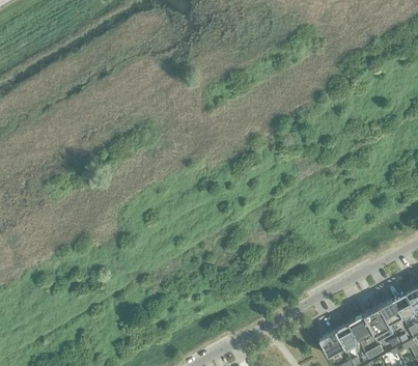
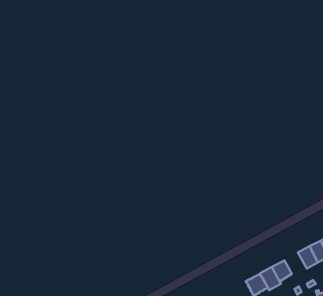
building: [363,308,393,342] -> none

